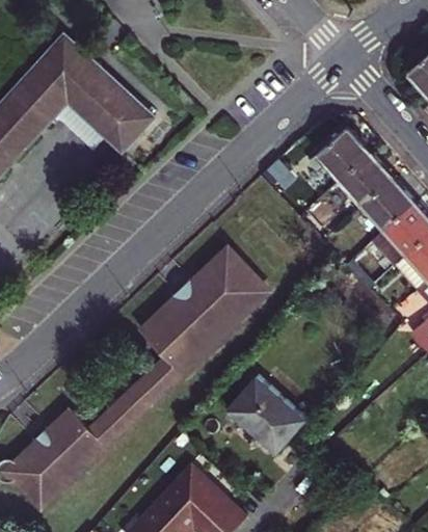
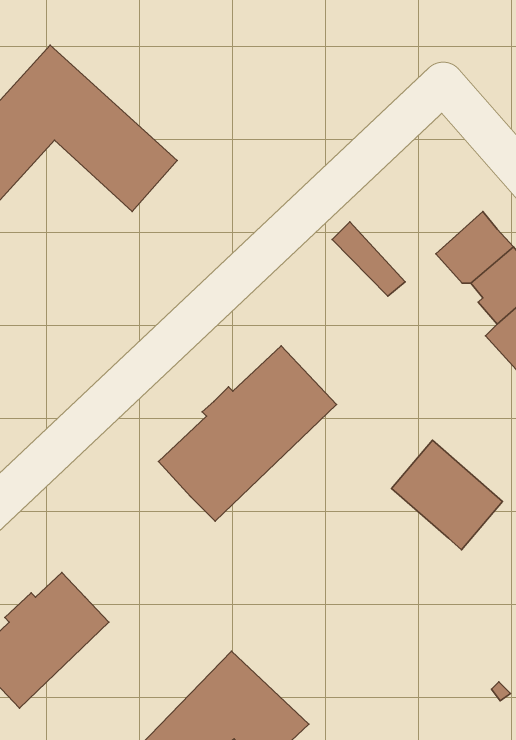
building: [307,128,370,184] -> none
building: [87,356,180,446] -> none
building: [228,377,306,455] -> [391,440,502,550]

